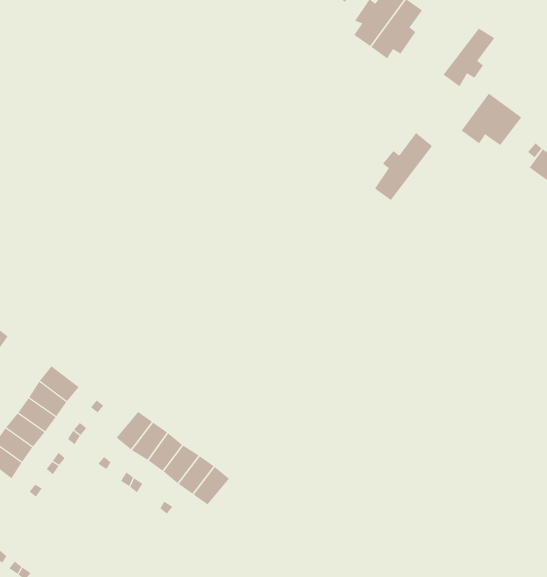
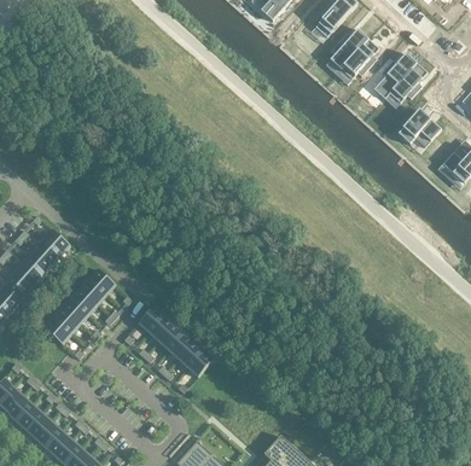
building: [374,132,433,201] -> [374,52,418,98]

